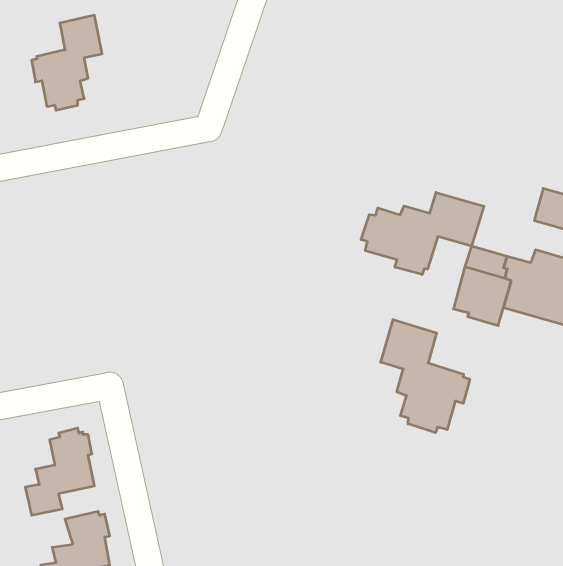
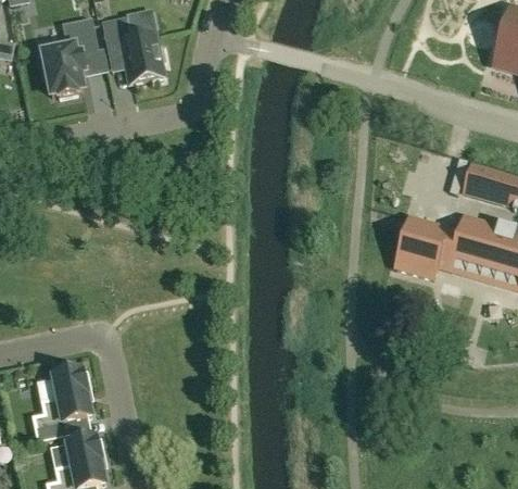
building: none -> [100,16,163,83]
building: [361,192,484,275] -> none
building: [381,319,470,433] -> none

